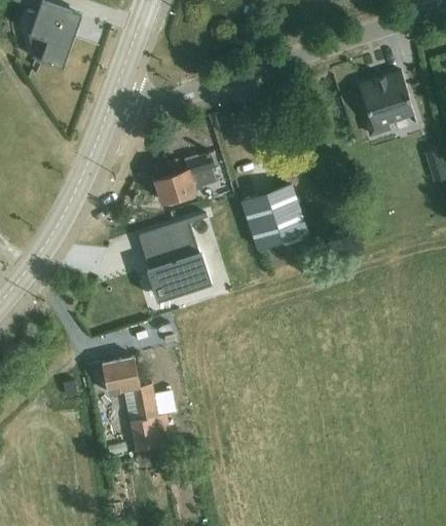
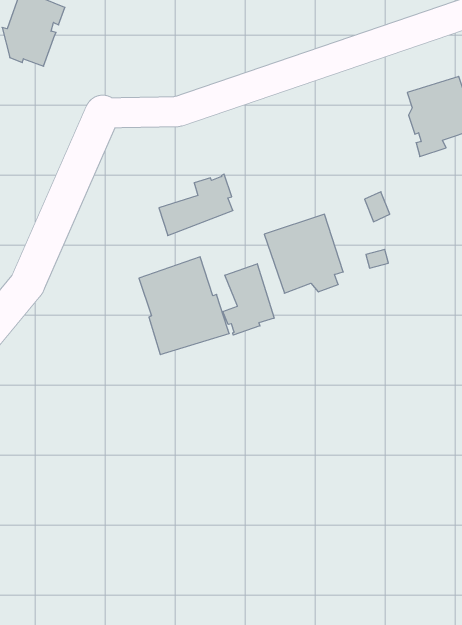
building: none -> [223,264,274,335]
building: [102,356,173,467] -> none

